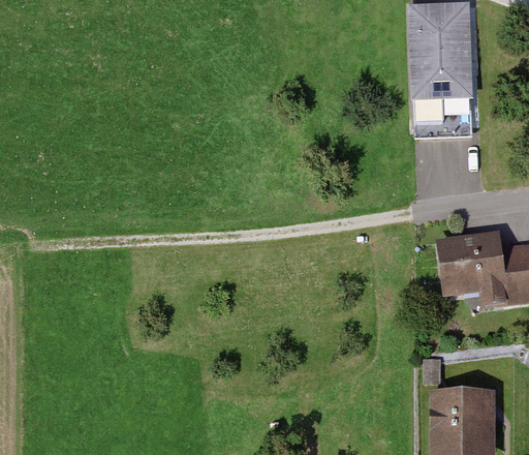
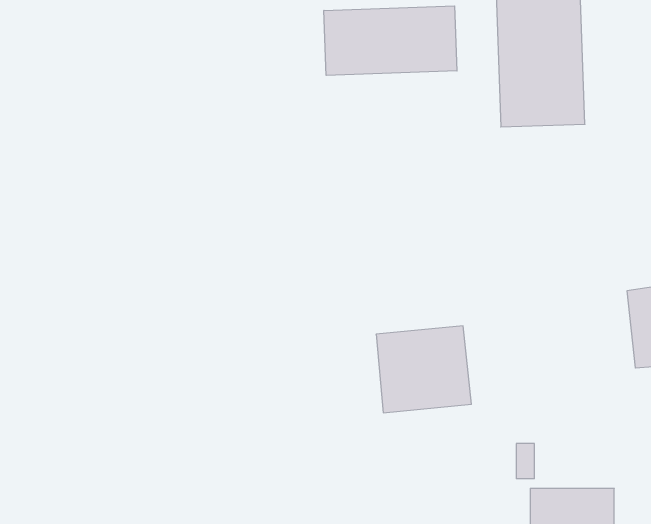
building: none -> [324,6,457,75]
building: [436,233,506,297] -> [376,326,471,413]

